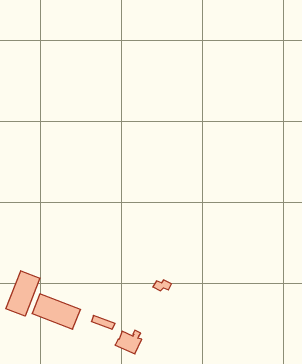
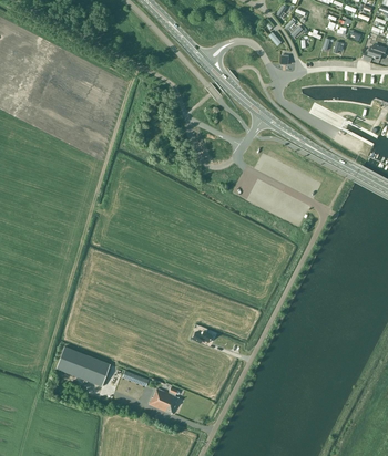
building: [6,271,40,316] -> none

